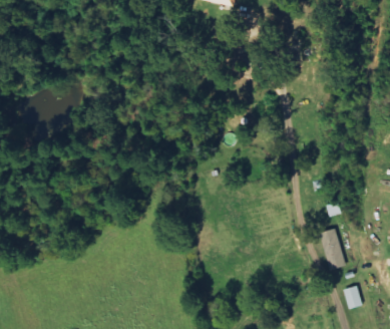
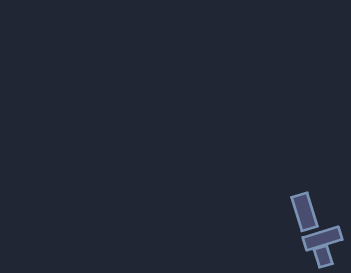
building: none -> [303,227,342,250]

